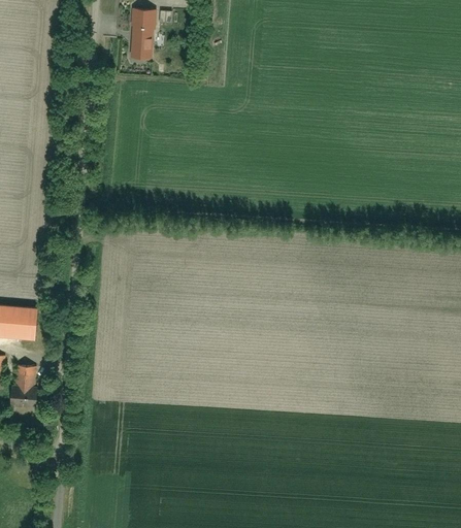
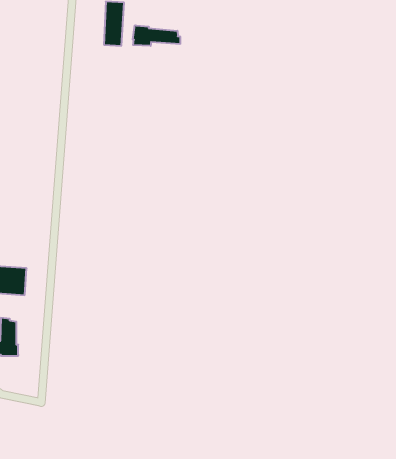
building: none -> [133,25,180,46]

